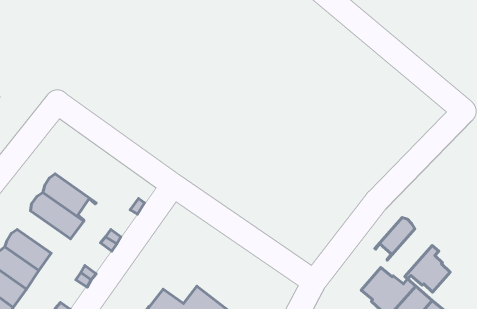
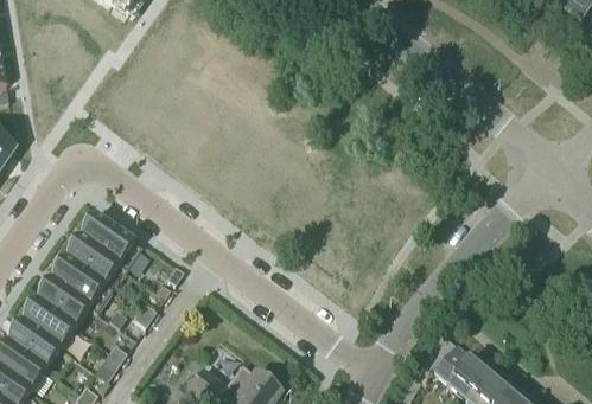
building: none -> [79,216,142,270]
building: none -> [36,280,97,328]
building: [375,217,415,260] -> none
building: [405,245,450,292] -> none

